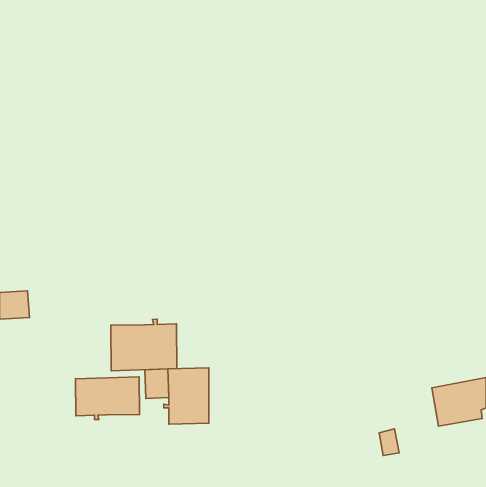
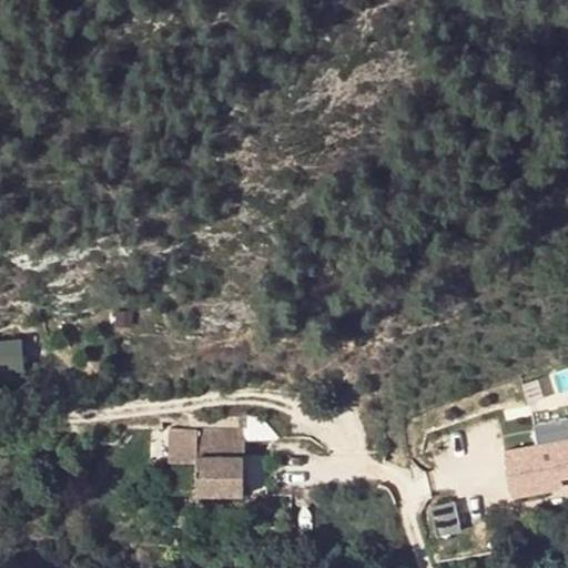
building: [111,319,177,371] -> none
building: [76,377,139,420] -> none

